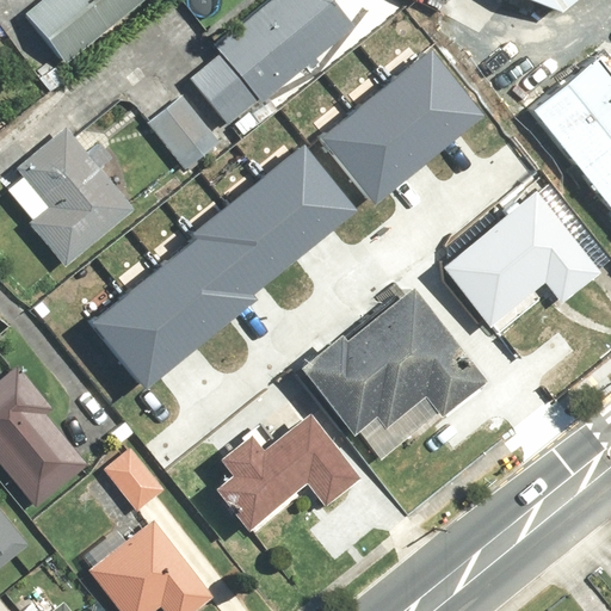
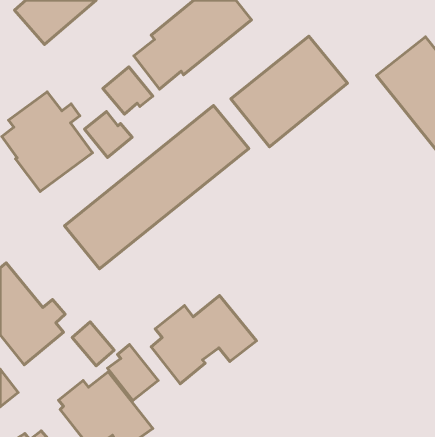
building: none -> [84,111,132,158]
building: [414,190,593,322] -> none
building: [297,285,489,436] -> none
building: none -> [108,344,158,400]

